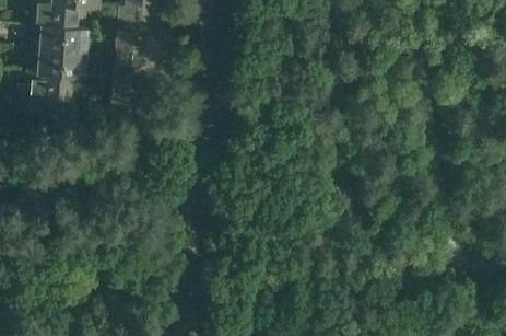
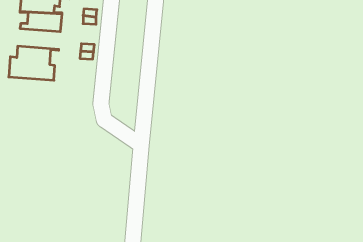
building: [27,40,85,69] -> none

